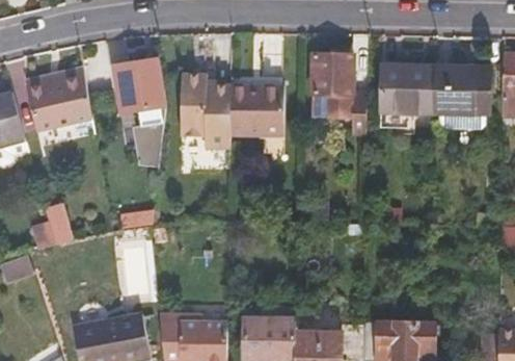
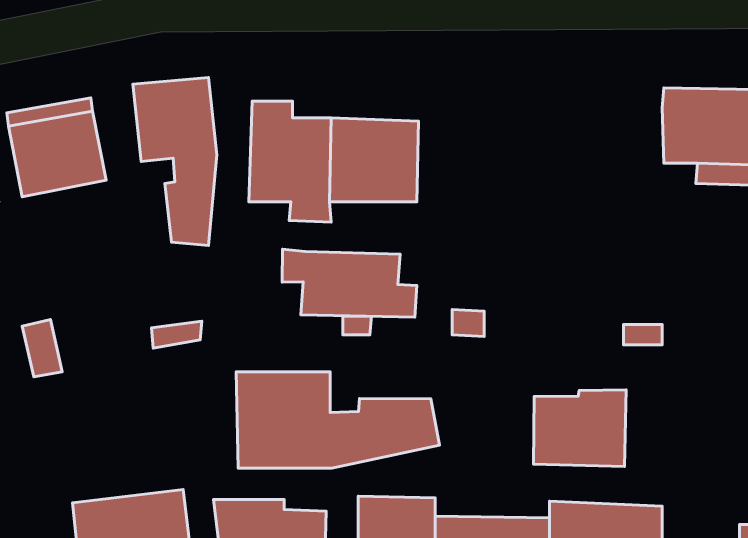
building: [315,53,369,130] -> none
building: [386,63,437,111] -> none
building: none -> [282,249,417,317]
building: none -> [236,372,440,468]
building: none -> [533,390,626,467]

